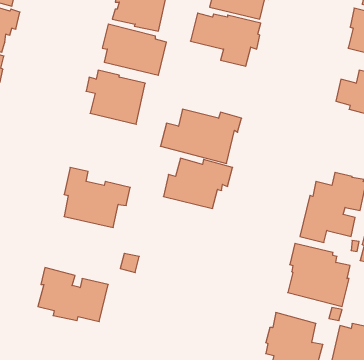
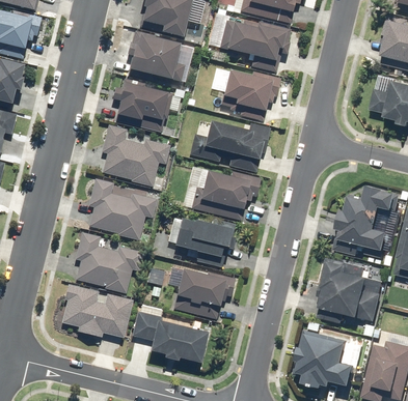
building: none -> [221,67,280,123]
building: none -> [100,123,170,187]
building: none -> [166,212,235,268]
building: none -> [74,231,143,294]
building: none -> [166,265,235,321]
building: none -> [130,305,210,363]

